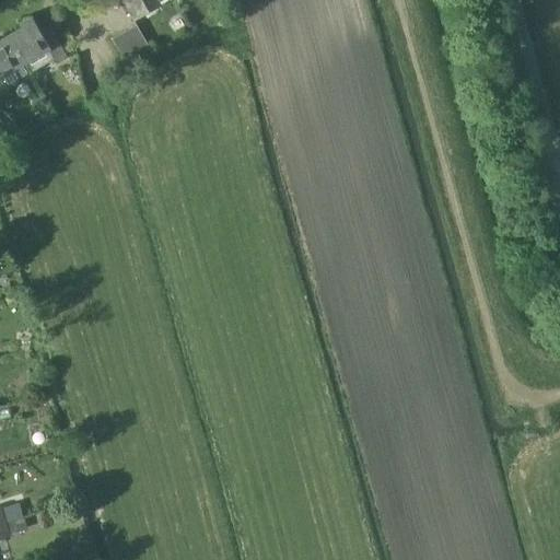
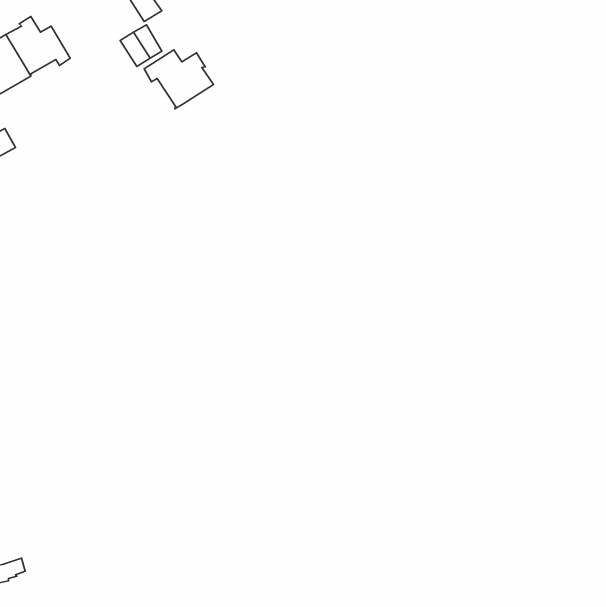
building: none -> [144,50,214,109]

